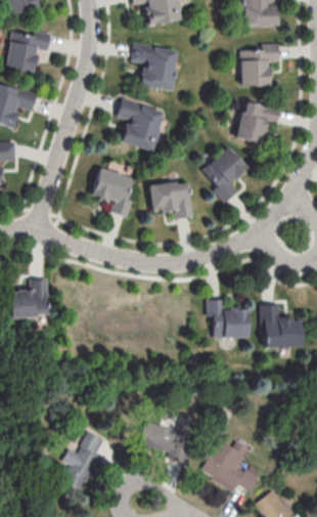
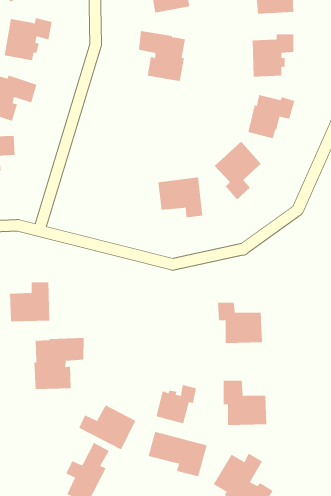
building: [117,97,164,152] -> none
building: [93,168,134,216] -> none
building: [261,304,303,347] -> [223,380,267,425]
building: none -> [34,337,84,390]
building: none -> [156,384,196,424]
building: none -> [79,405,136,450]

